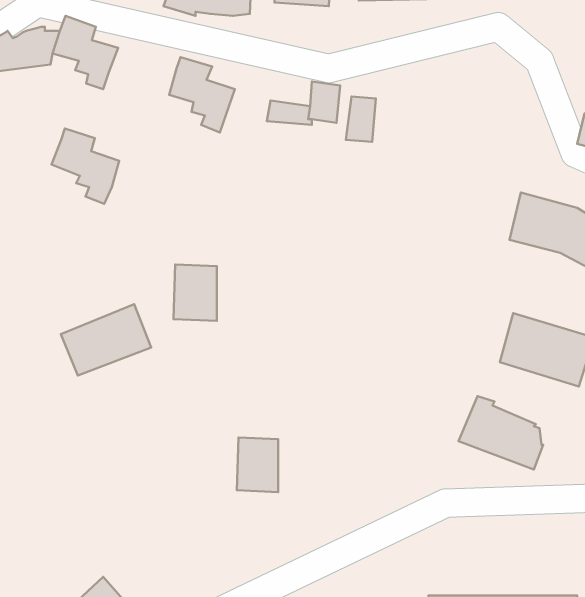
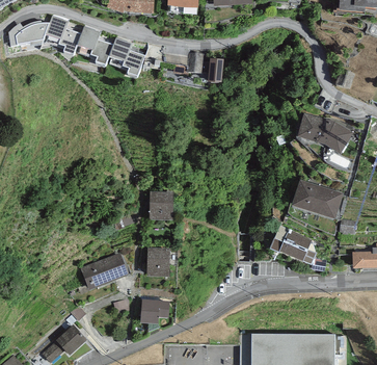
building: [52,129,119,204] -> [76,26,113,68]
building: [173,264,217,321] -> [149,191,172,223]
building: [61,304,151,376] -> [79,252,129,291]
building: none -> [140,299,169,325]

